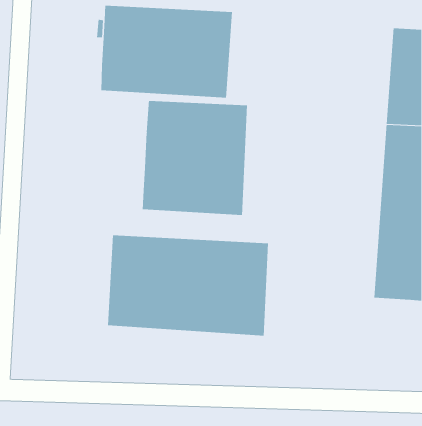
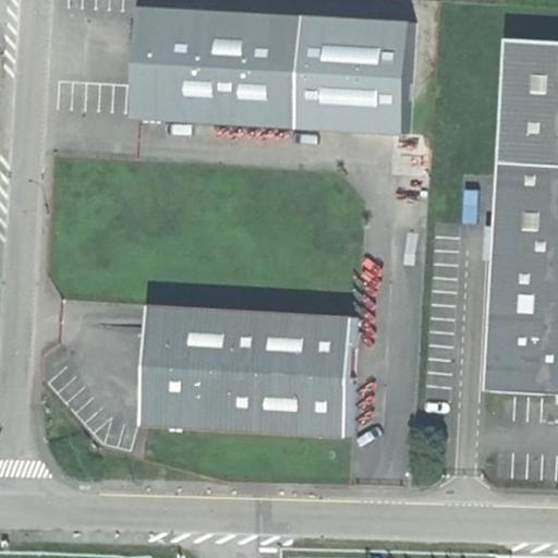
building: none -> [295,15,409,135]
building: [142,100,248,216] -> none

